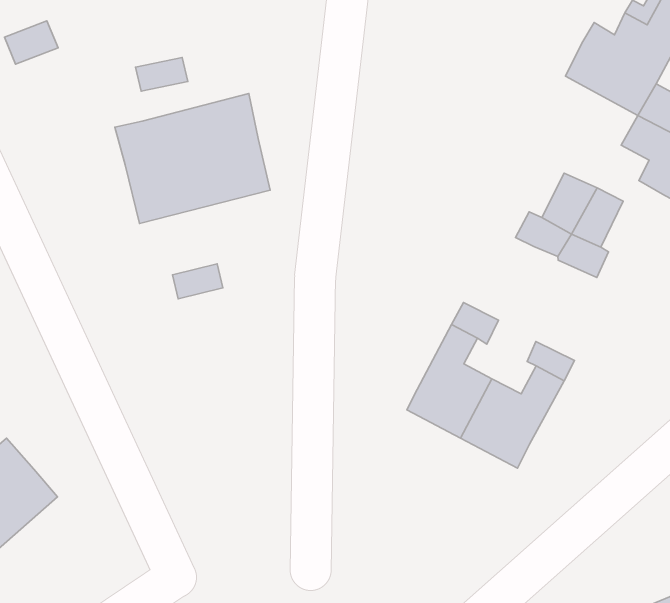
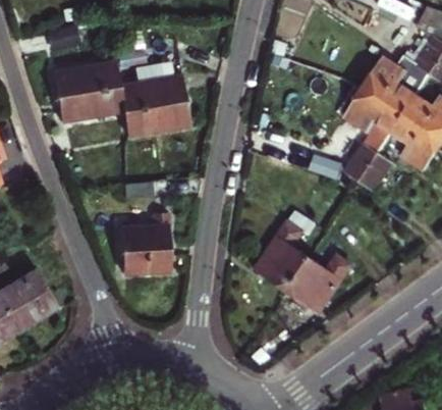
building: none -> [52,60,120,120]
building: none -> [348,86,407,129]
building: none -> [120,211,169,269]

